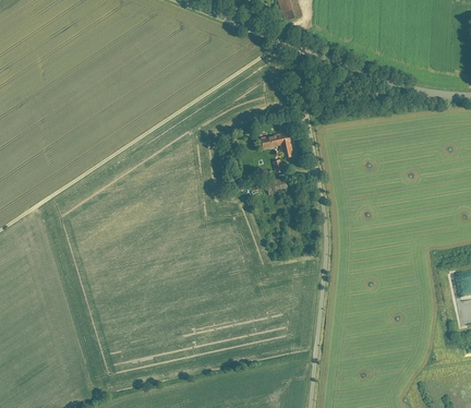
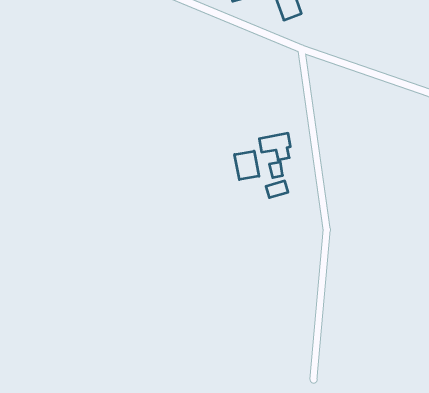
building: none -> [235,151,259,180]

